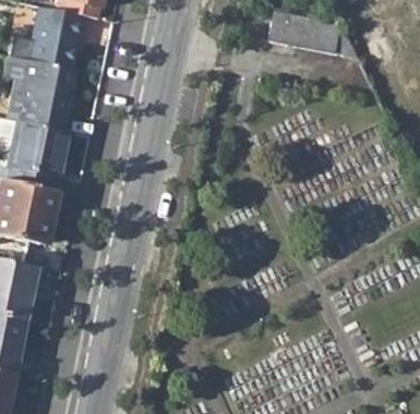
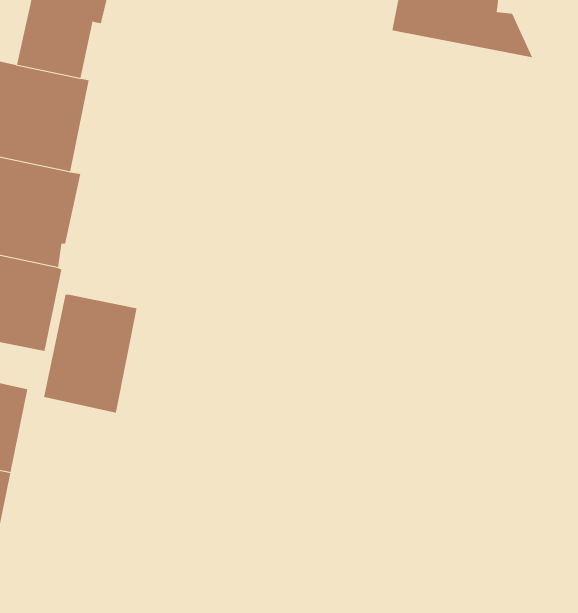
building: none -> [44,294,137,414]

